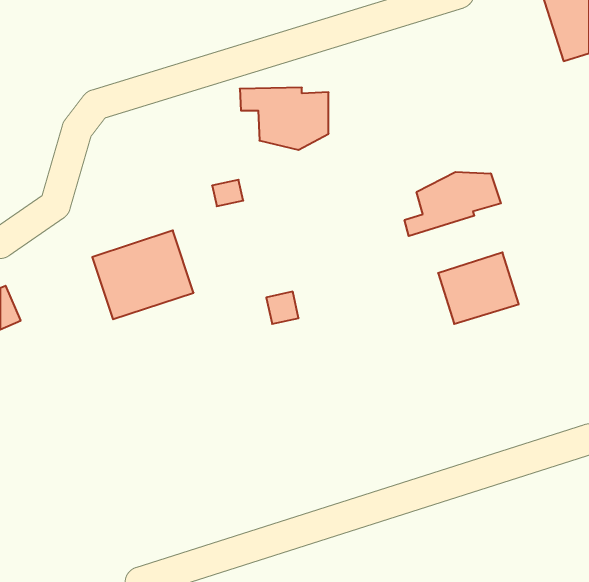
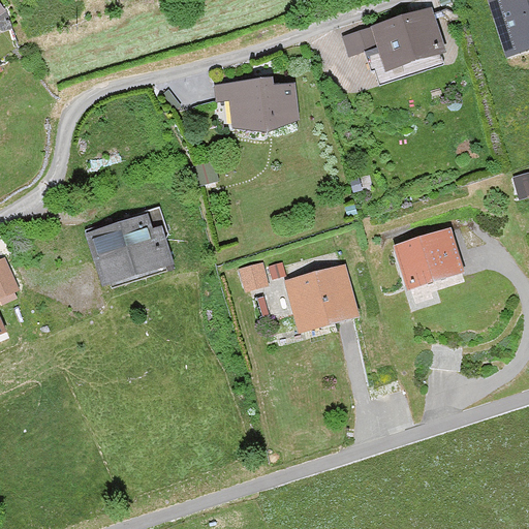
building: none -> [353,9,443,69]
building: [405,172,501,236] -> none
building: none -> [283,263,359,333]

